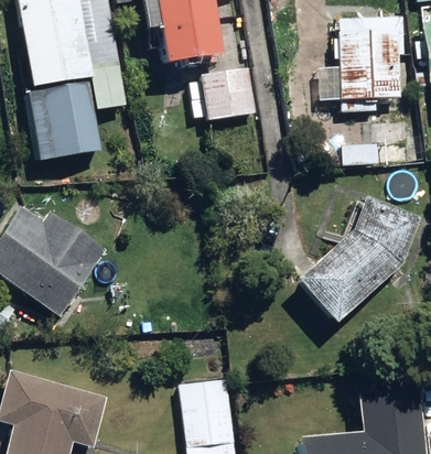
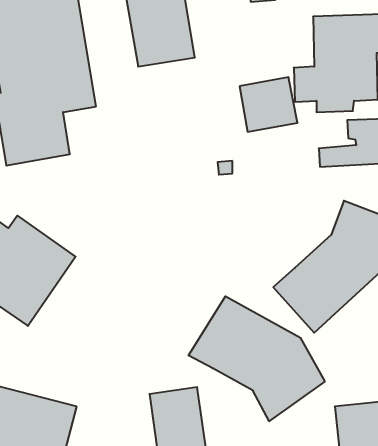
building: [201,66,257,119] -> [240,77,298,132]
building: none -> [188,296,325,421]

